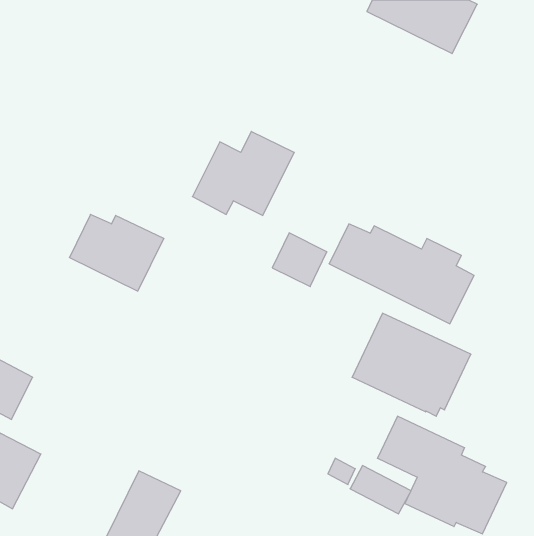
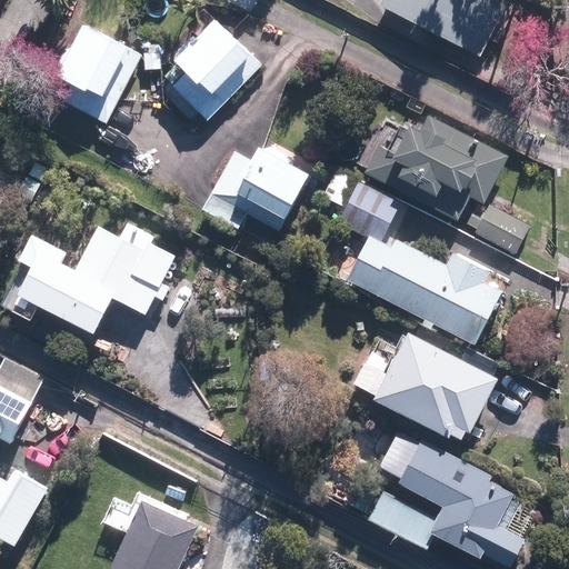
building: none -> [164,20,259,121]
building: none -> [57,24,140,124]
building: none -> [365,117,507,221]
building: none -> [468,206,531,256]
building: none -> [19,237,111,331]
building: [272,233,327,287] -> [341,184,399,241]

